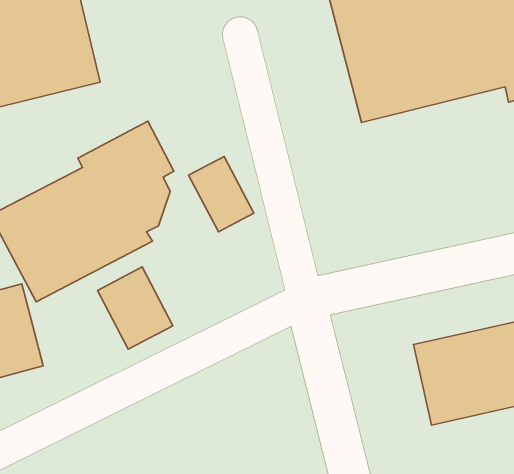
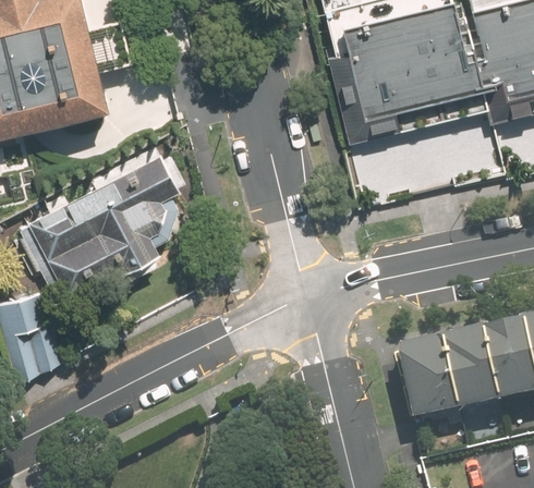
building: [189,156,254,232] -> none
building: [97,267,173,349] -> none

